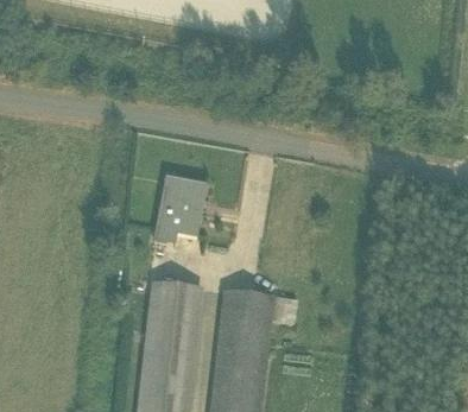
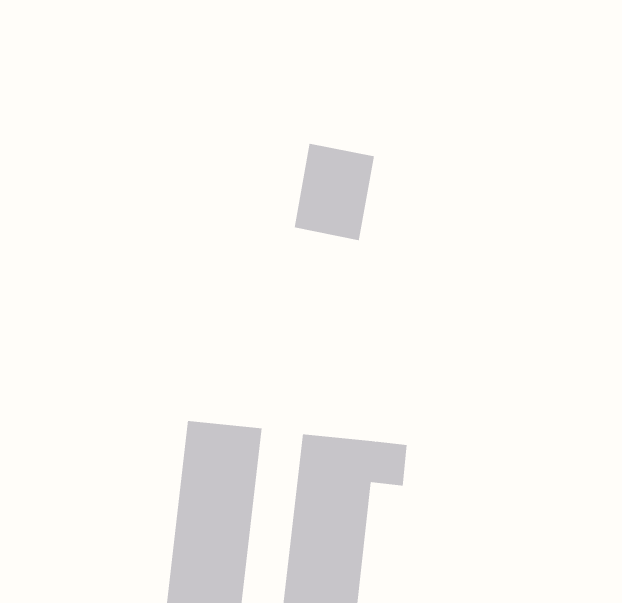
building: [156,175,207,236] -> [294,143,375,241]

